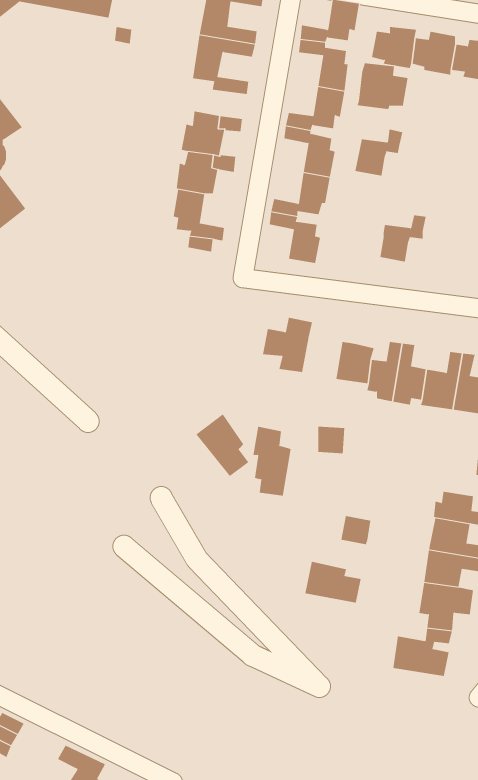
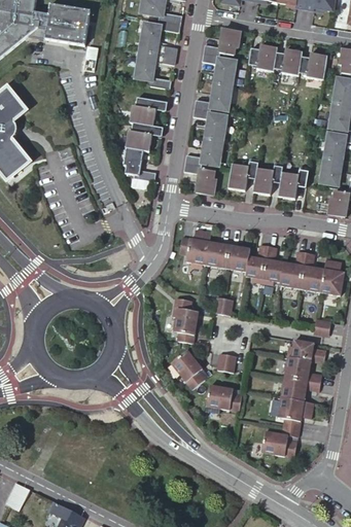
building: [357,62,408,110] -> none
building: [354,129,403,176] -> [227,160,258,189]
building: none -> [278,168,308,198]
building: none -> [205,241,230,268]
building: [195,413,249,477] -> [171,348,205,388]

